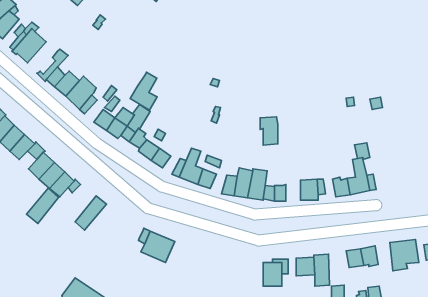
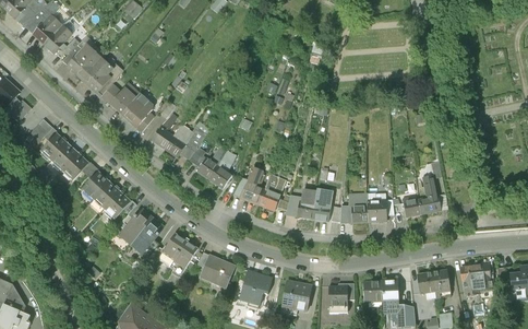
building: none -> [81,56,112,90]
building: [130,72,157,110] -> none
building: [260,117,278,145] -> [349,193,368,223]
building: [26,188,59,224] -> [119,208,153,245]
building: none -> [163,233,197,268]
building: none -> [239,270,273,305]
building: none -> [281,280,312,310]

